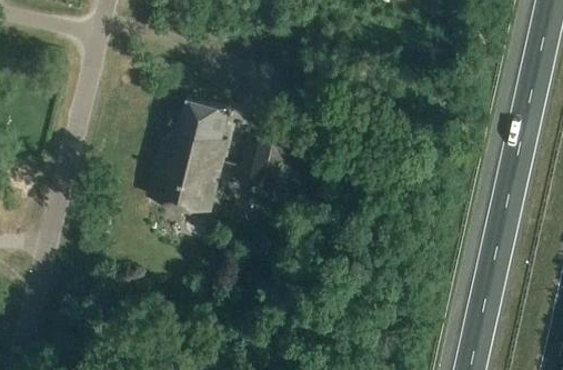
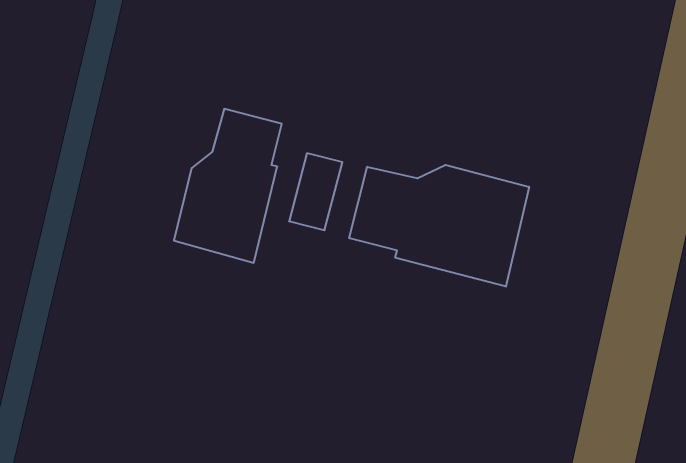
building: none -> [349,165,529,287]

